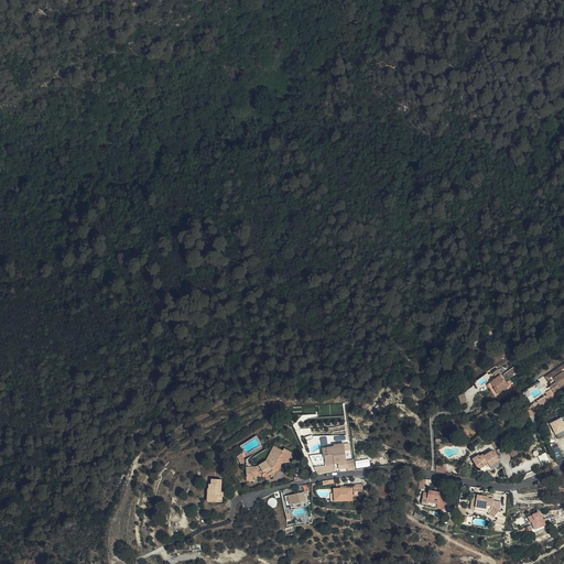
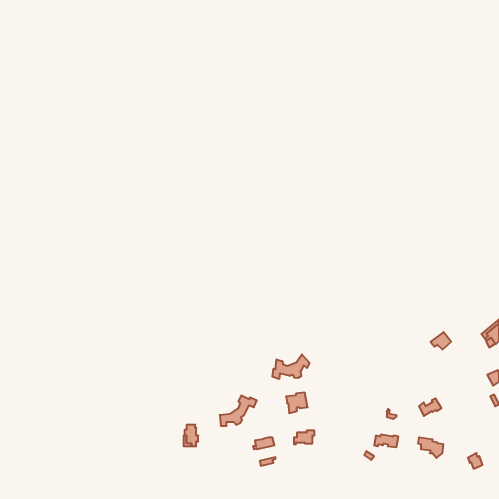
building: none -> [272,354,310,379]

